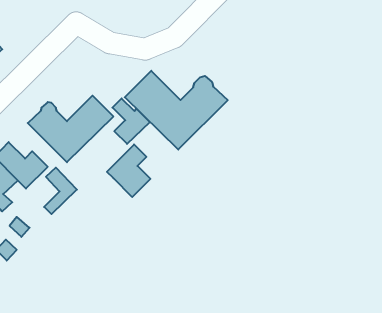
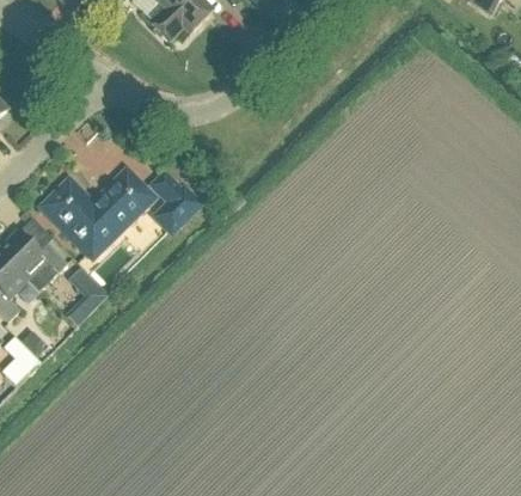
building: [125,71,228,150] -> none
building: [107,144,150,197] -> none

